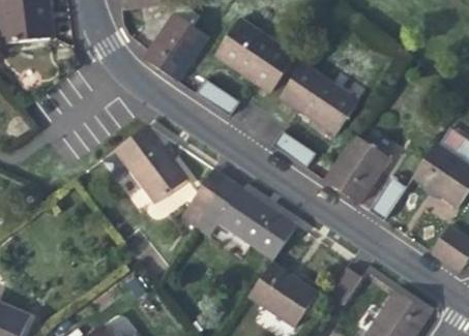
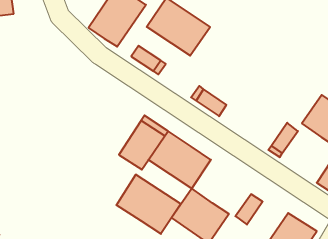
building: [279,62,359,136] -> none
building: [114,124,189,205] -> none
building: [324,134,390,204] -> none
building: none -> [116,174,181,234]

